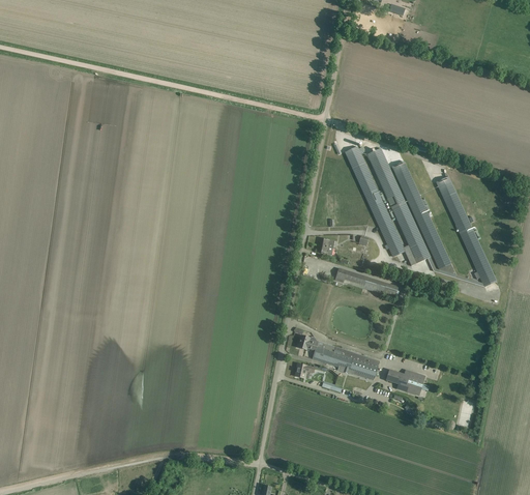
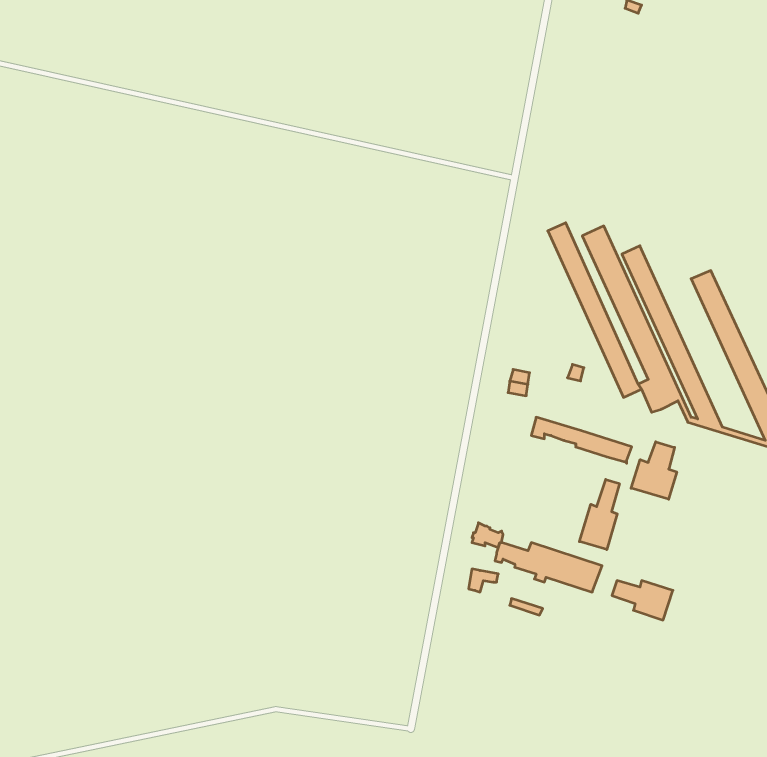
building: none -> [631,442,677,499]
building: none -> [579,479,619,550]

